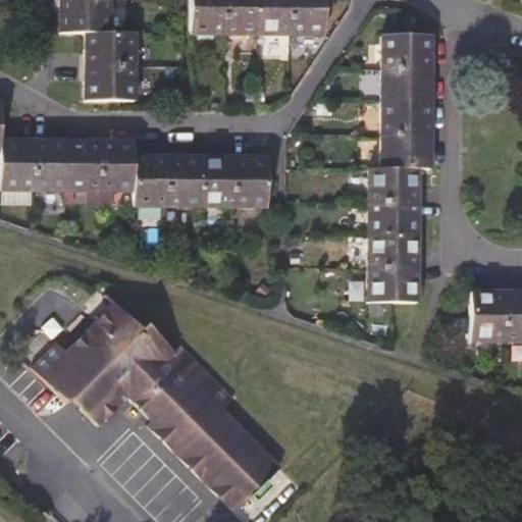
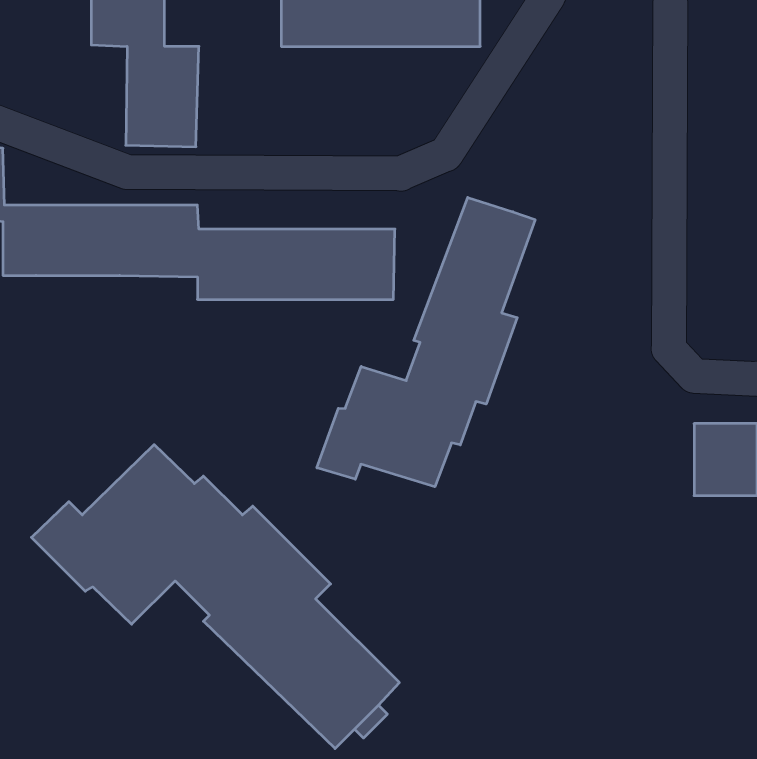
building: [371,34,434,301] -> none
building: none -> [317,197,535,487]

